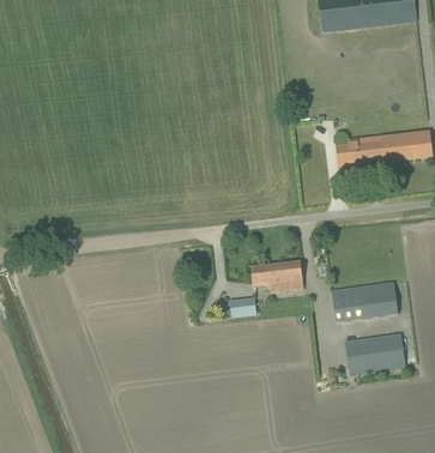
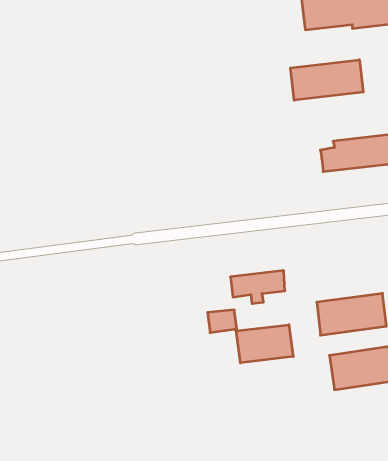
building: none -> [290,60,363,100]
building: none -> [236,325,293,363]

